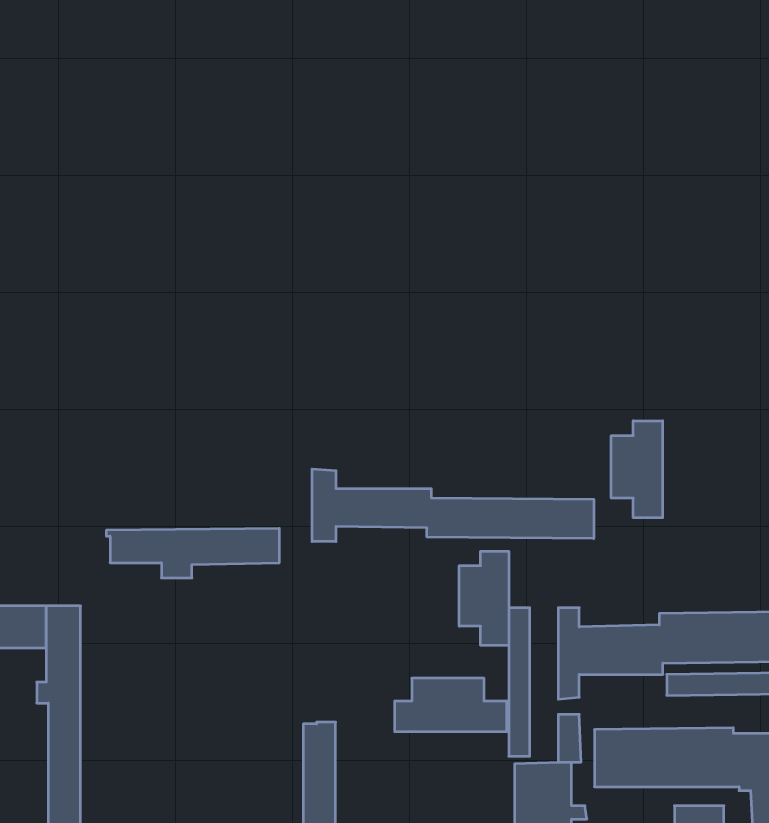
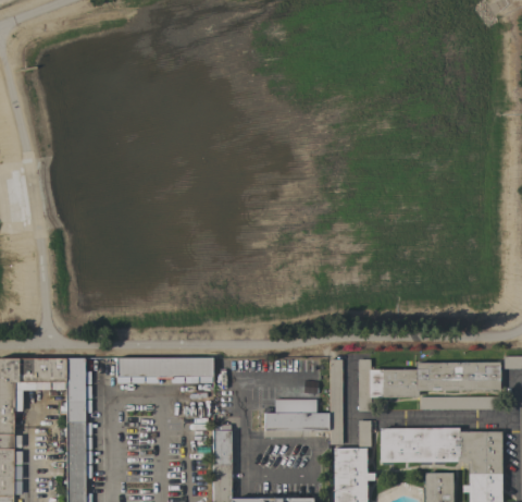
building: [611,421,663,518] -> none
building: [312,469,594,542] -> none
building: [106,528,279,578] -> [114,357,213,385]
building: [459,551,509,645] -> none

